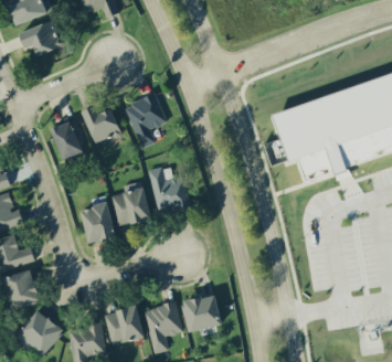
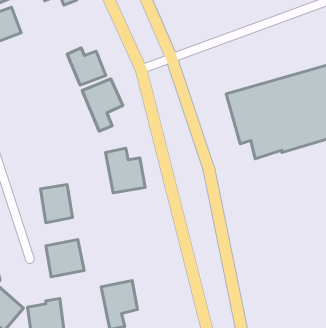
building: [82,105,121,143] -> [67,48,106,85]
building: [52,120,82,159] -> none
building: [112,181,151,226] -> none
building: [182,294,222,332] -> none
building: [105,306,145,344] -> [46,240,84,277]

